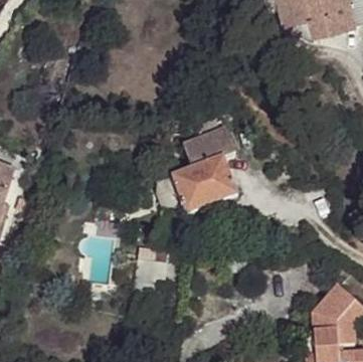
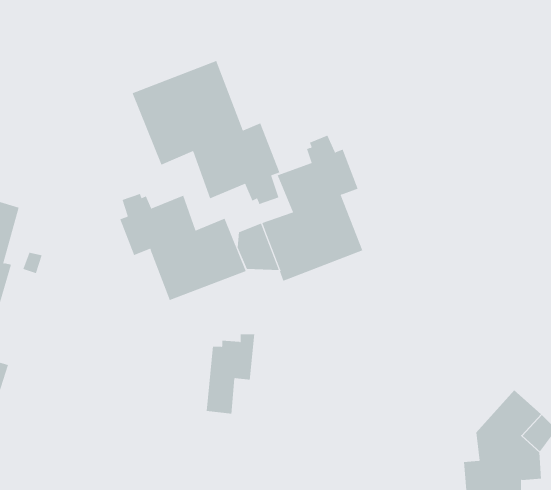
building: none -> [132,60,280,205]
building: none -> [120,193,246,301]

